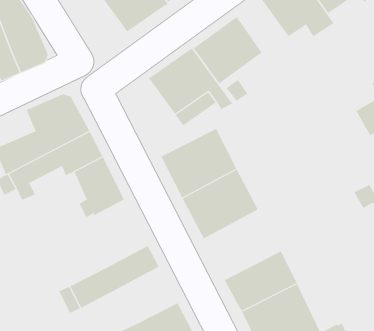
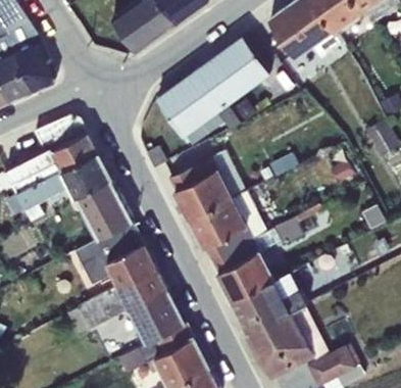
building: none -> [210,204,320,301]
building: none -> [73,221,155,287]
building: none -> [127,288,185,344]

